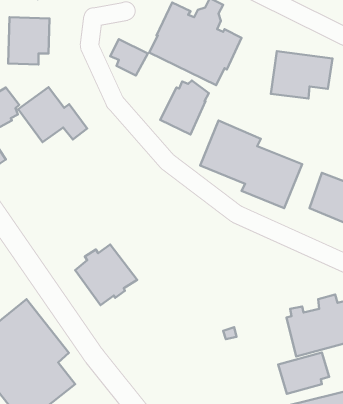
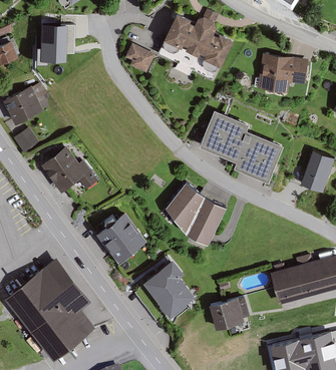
building: [160,80,209,135] -> none
building: [18,87,87,142] -> [40,145,97,191]
building: none -> [164,181,226,244]
building: none -> [141,259,195,317]
building: [278,352,329,394] -> [208,295,250,329]

